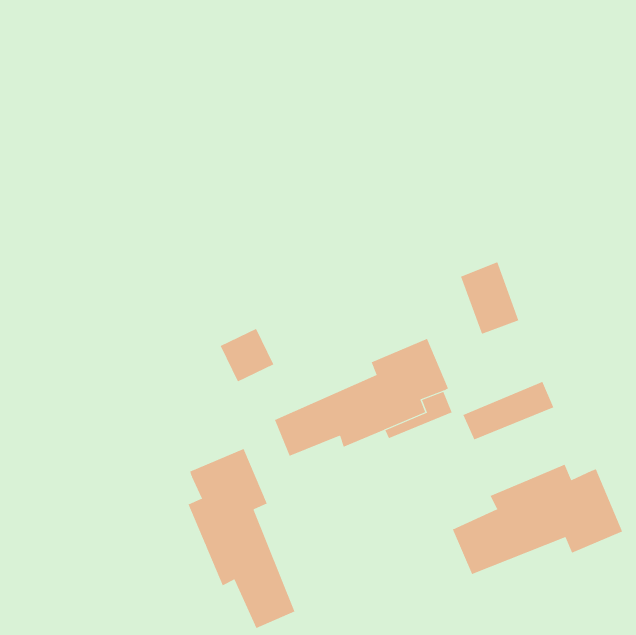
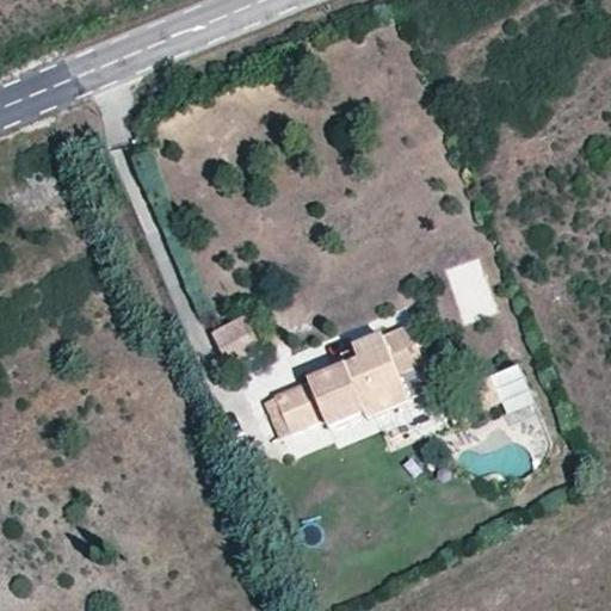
building: [188,448,295,629] -> none
building: [452,464,623,575] -> none

